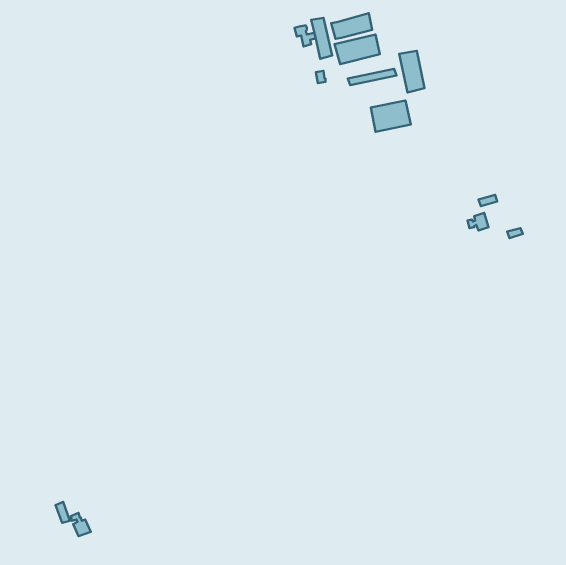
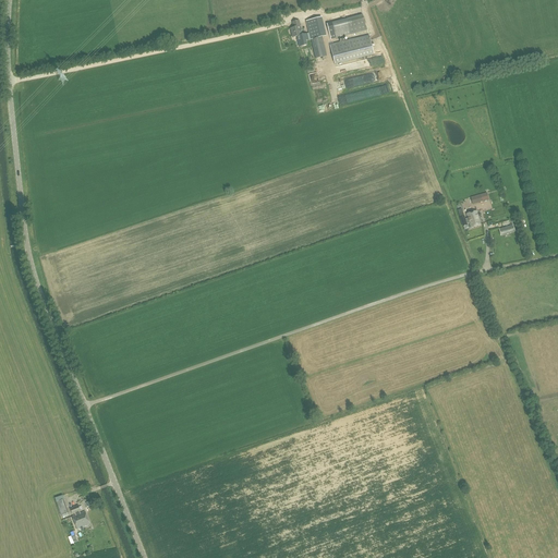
building: [399,51,425,92] -> none
building: [371,100,411,132] -> none

